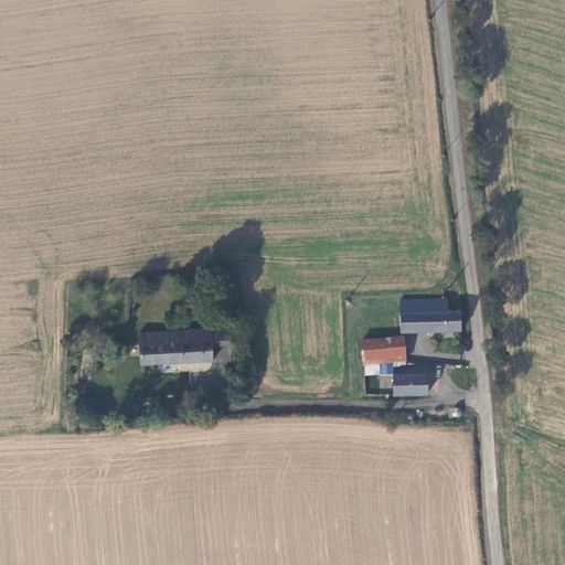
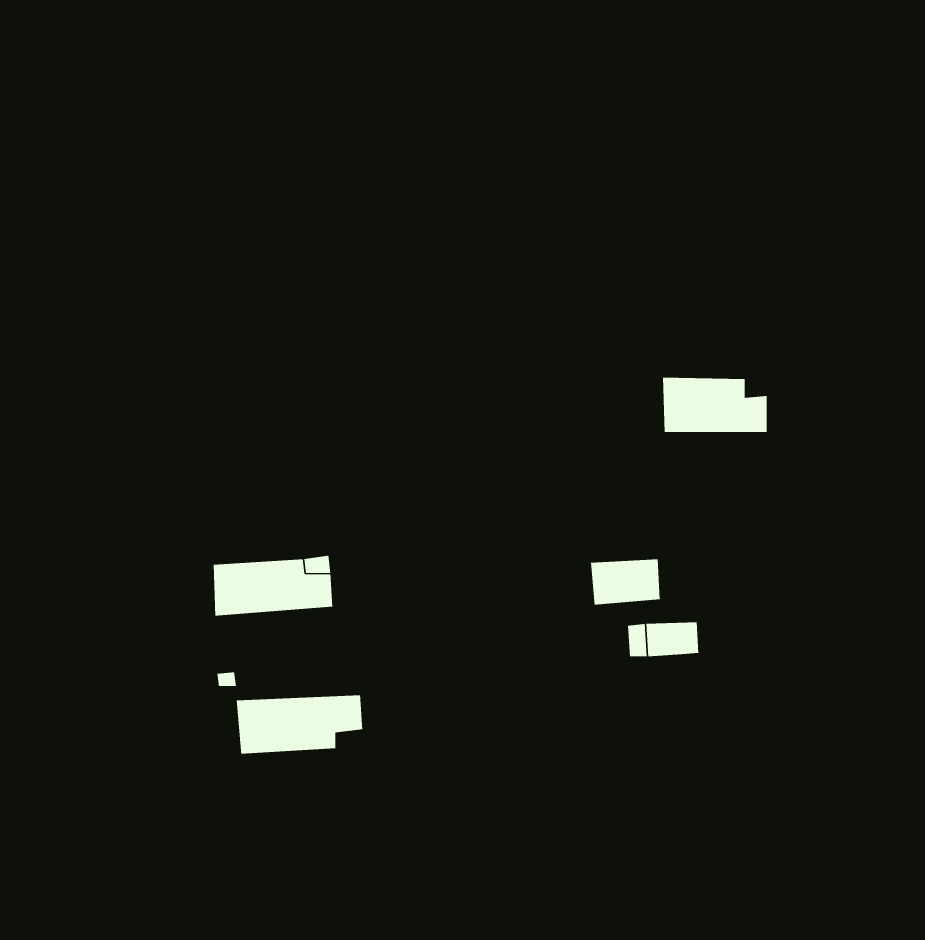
building: [401,296,463,329] -> [662,377,768,433]
building: none -> [236,694,363,755]

